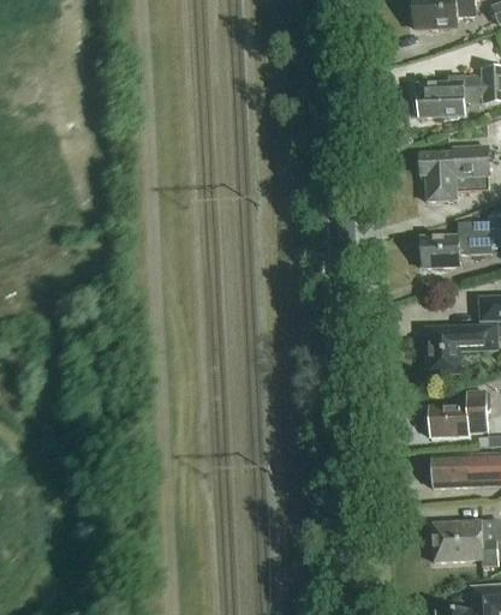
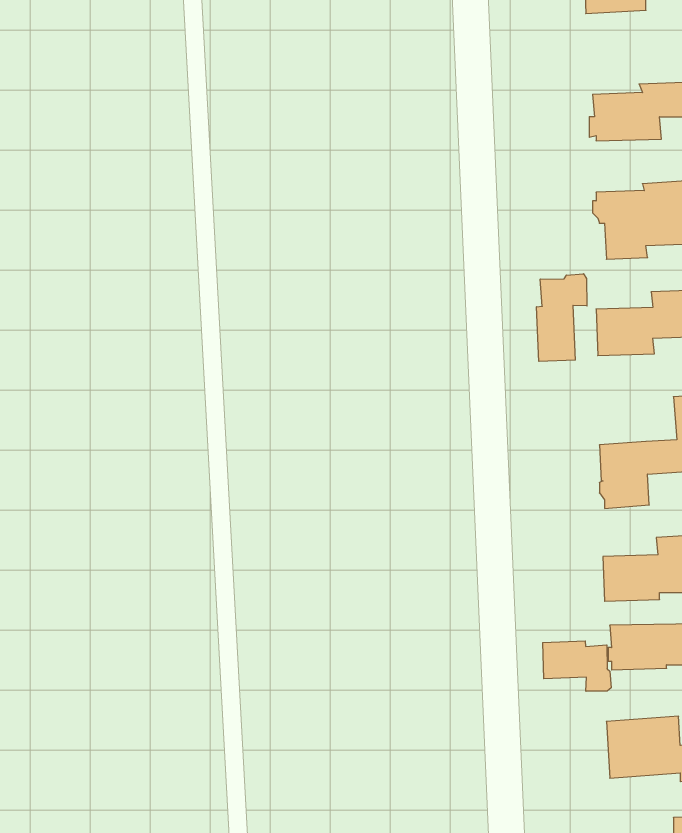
building: none -> [537,274,587,361]
building: none -> [543,641,611,691]

